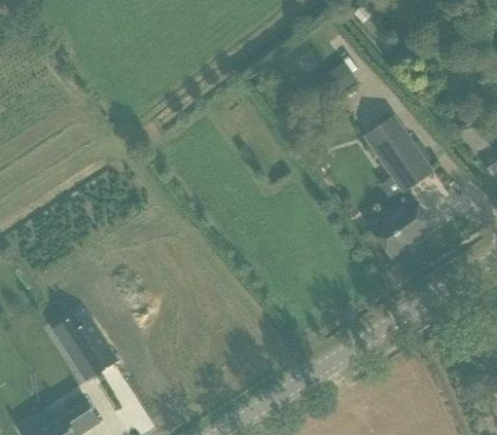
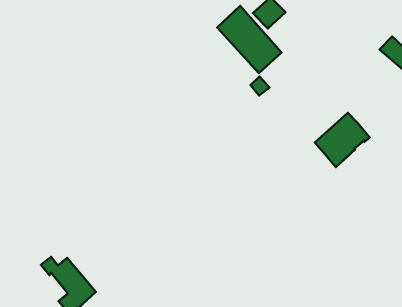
building: [365,115,432,191] -> [217,6,282,73]

